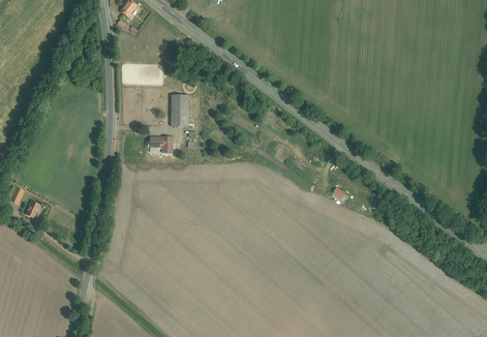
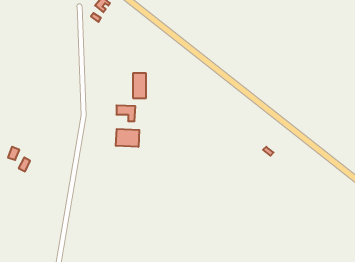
building: none -> [116,129,139,147]

